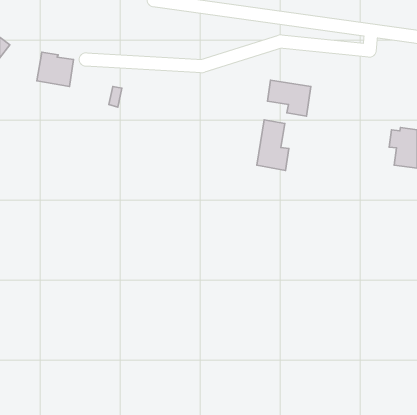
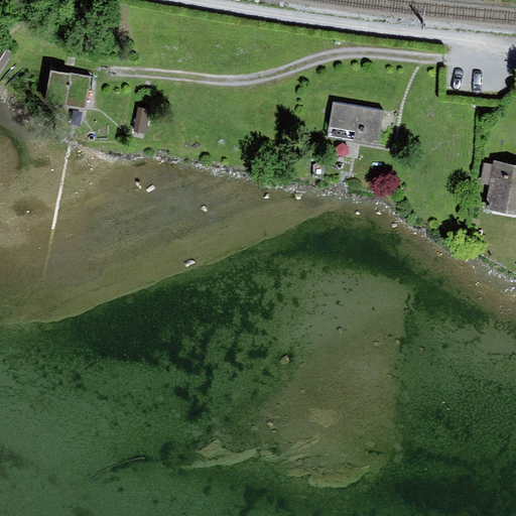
building: [257,120,289,171] -> none

